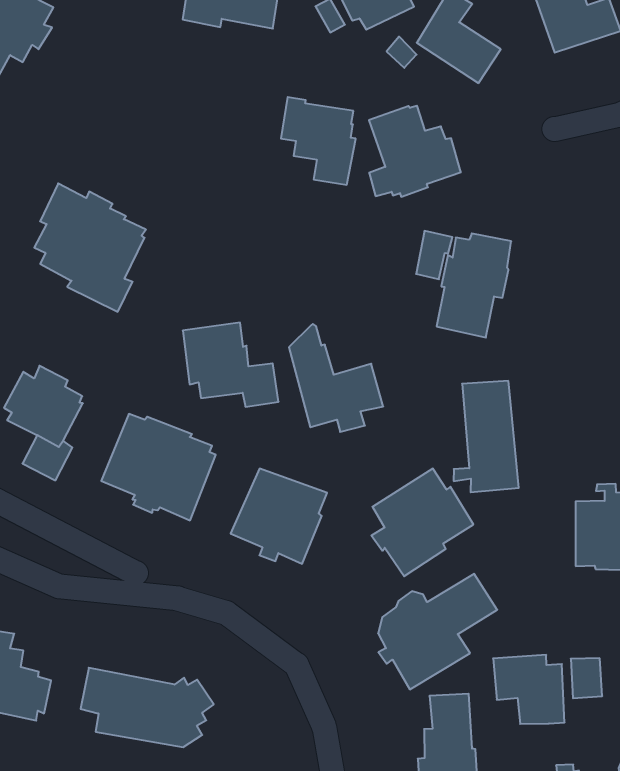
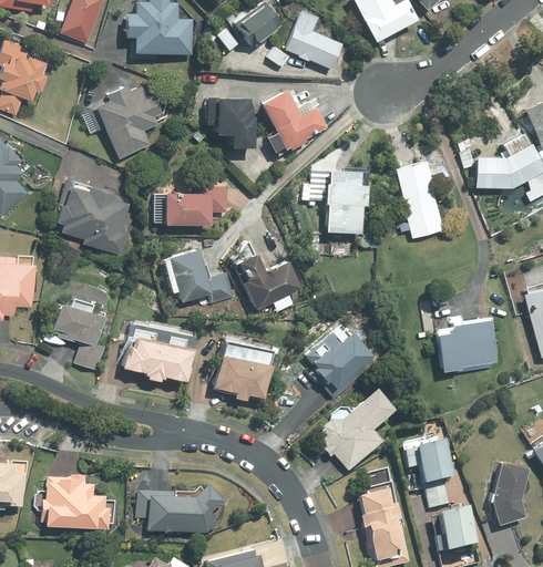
building: none -> [82,87,164,158]
building: none -> [155,187,227,226]
building: [454,381,519,492] -> [397,162,444,238]
building: [571,658,602,698] -> [424,478,449,507]

